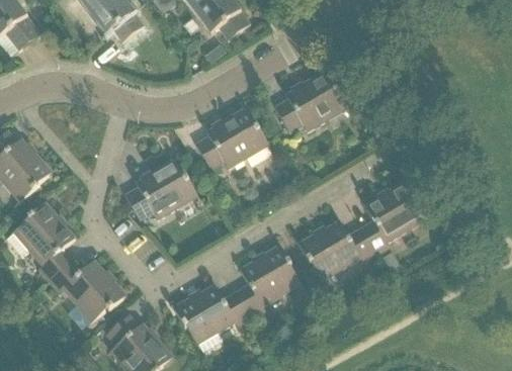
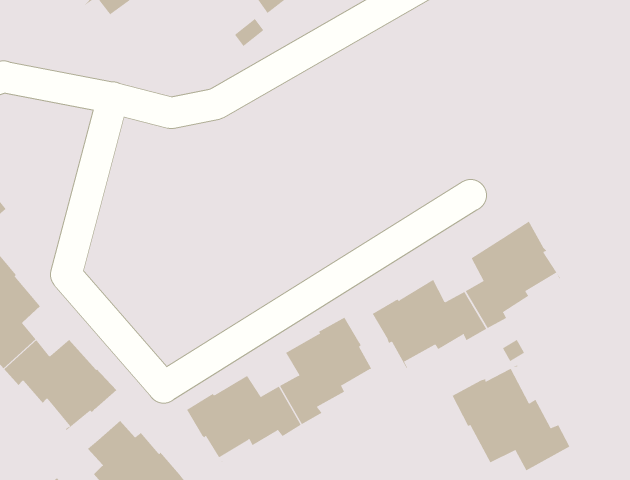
building: [275,70,348,131] -> none
building: [195,107,269,169] -> none
building: [124,159,198,219] -> none
building: none -> [452,365,570,471]

